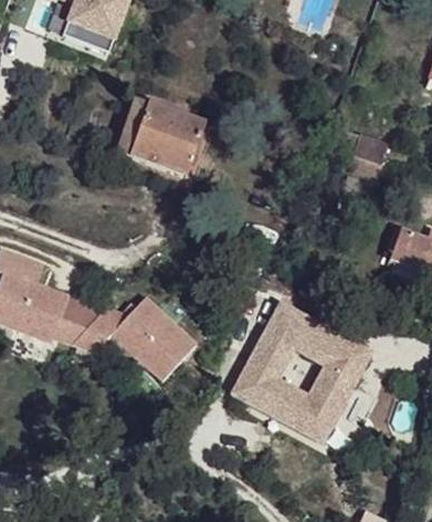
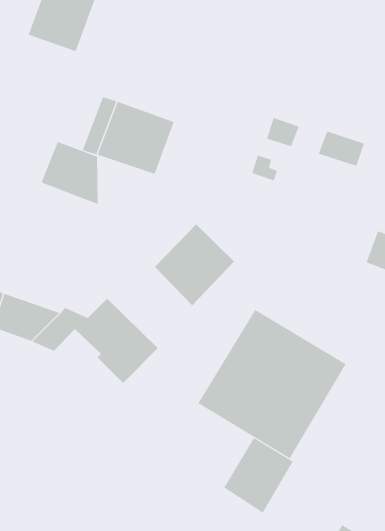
building: none -> [41,141,98,205]
building: none -> [154,224,235,306]
building: none -> [224,437,293,513]

